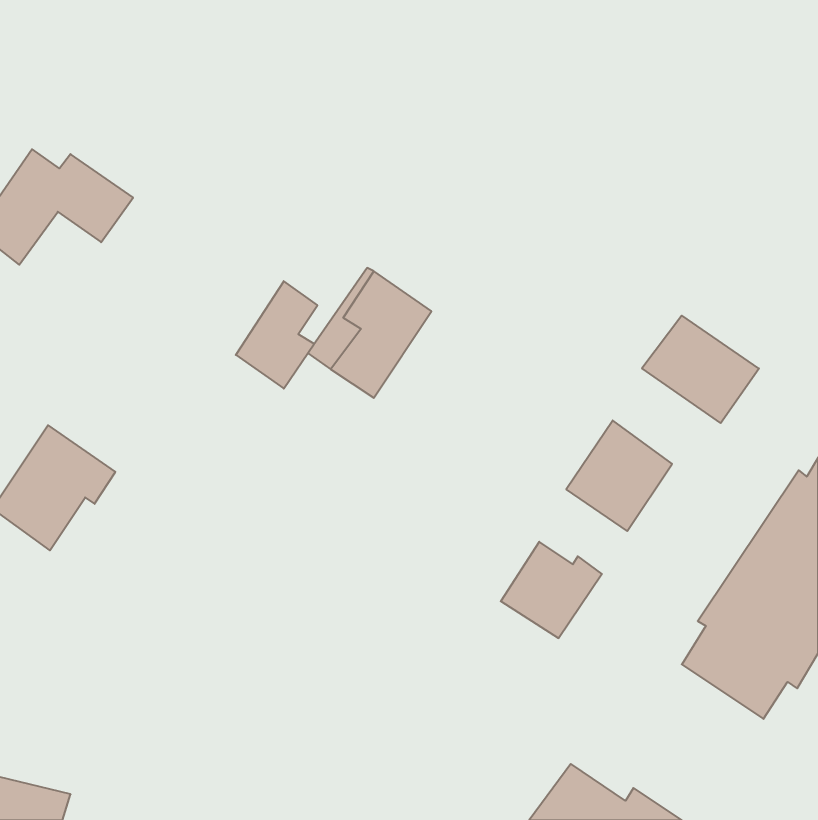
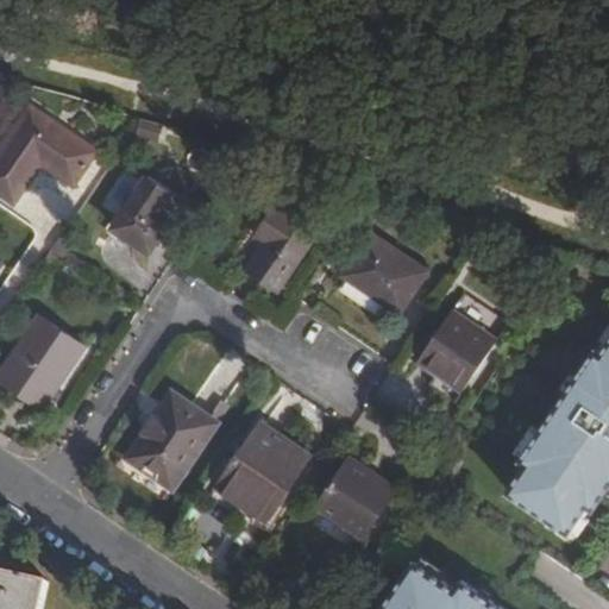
building: [236,281,317,389] -> [114,174,175,253]
building: [642,316,759,423] -> [344,236,431,315]
building: none -> [133,393,216,491]
building: [501,542,602,638] -> [318,464,393,535]
building: none -> [209,423,309,522]

